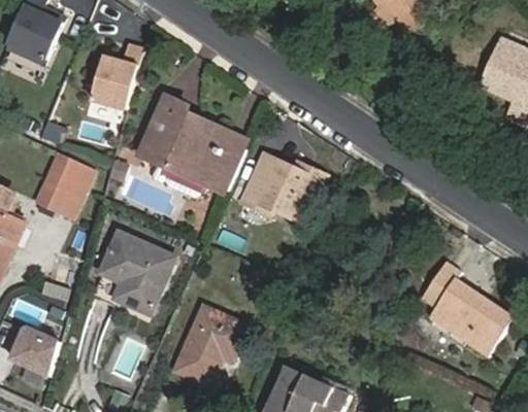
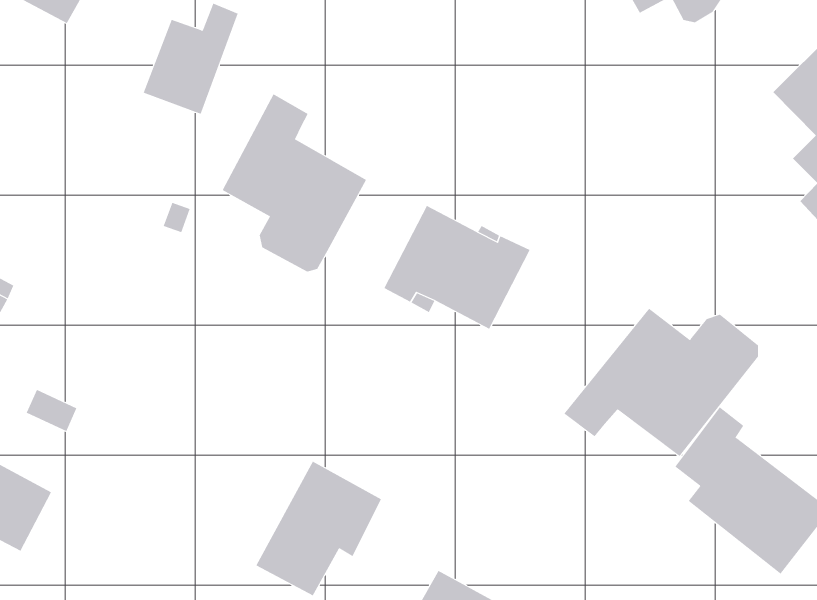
building: [183,111,244,190] -> none
building: [38,156,93,218] -> none
building: none -> [564,308,759,457]
building: [94,231,175,313] -> none

